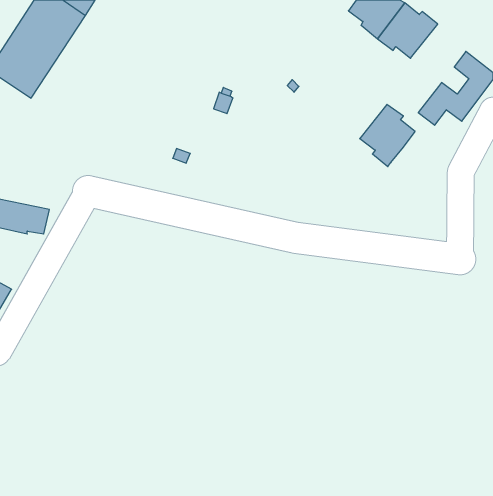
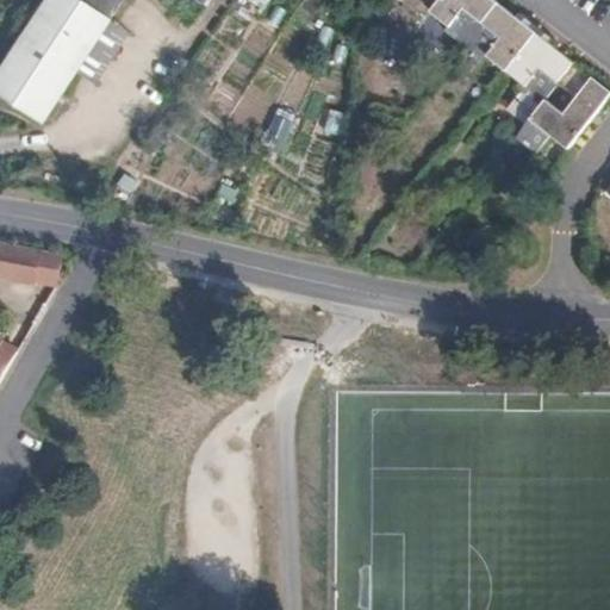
building: [360,104,415,167] -> [504,30,572,106]

